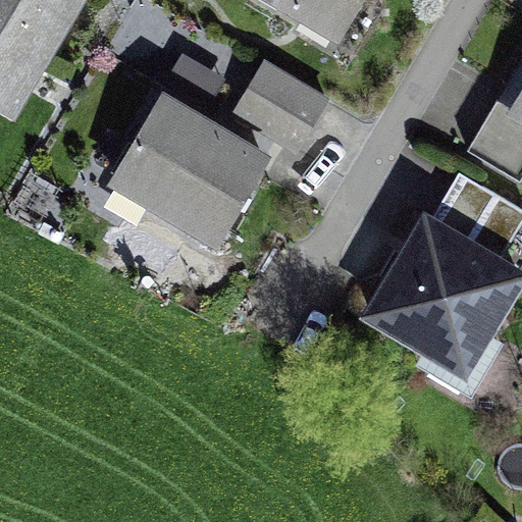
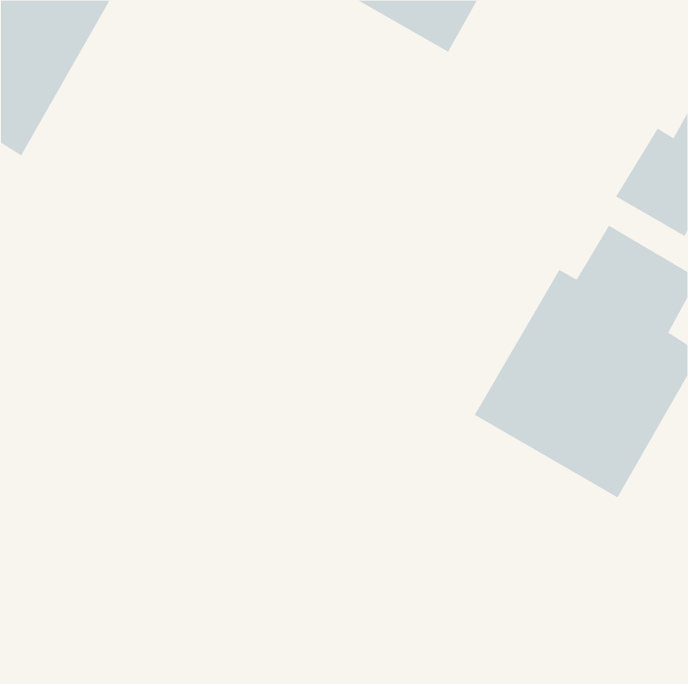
building: [232,61,331,155] -> none
building: [109,89,274,247] -> none

